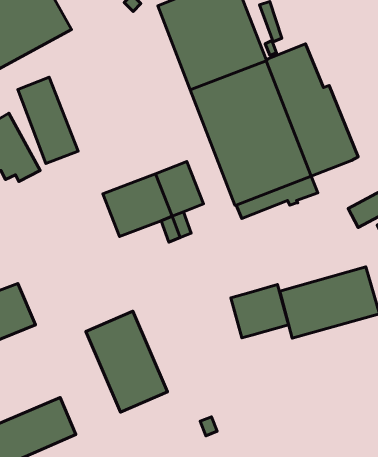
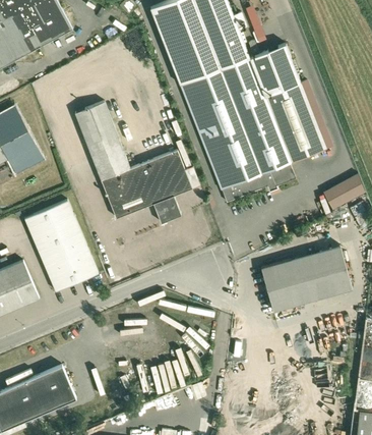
building: [18,77,78,163] -> [75,101,130,179]
building: [231,285,288,338] -> none
building: [86,311,168,412] -> [24,200,99,291]

